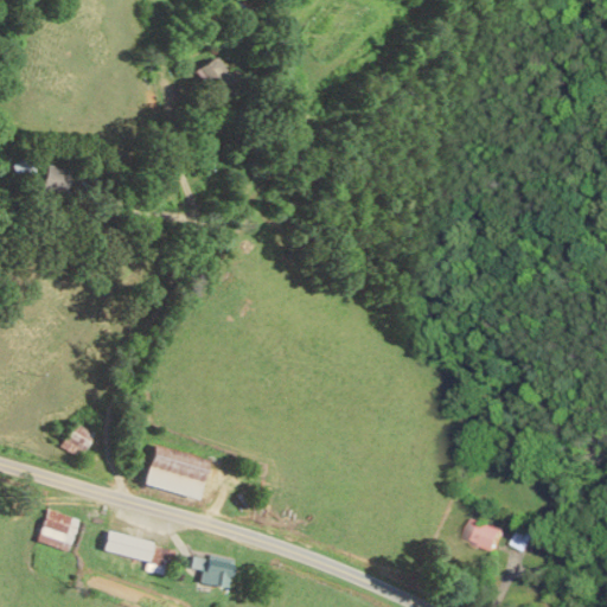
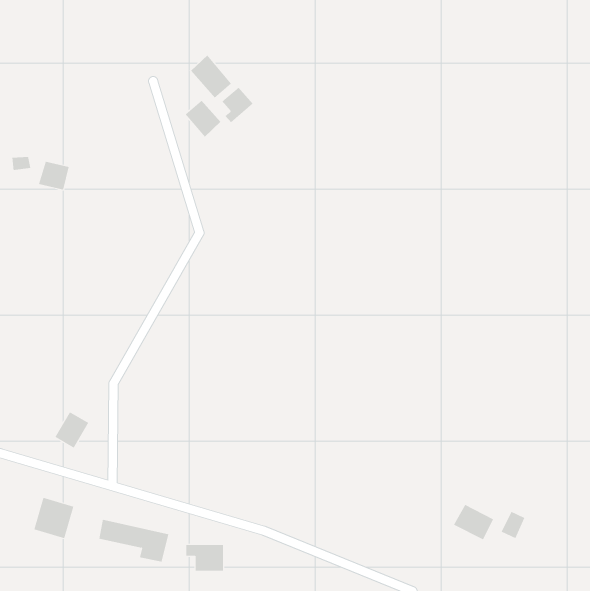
building: none -> [222,87,253,123]
building: none -> [185,100,221,137]
building: [145,443,210,498] -> none

